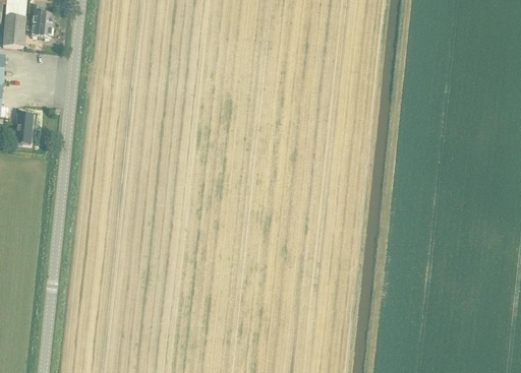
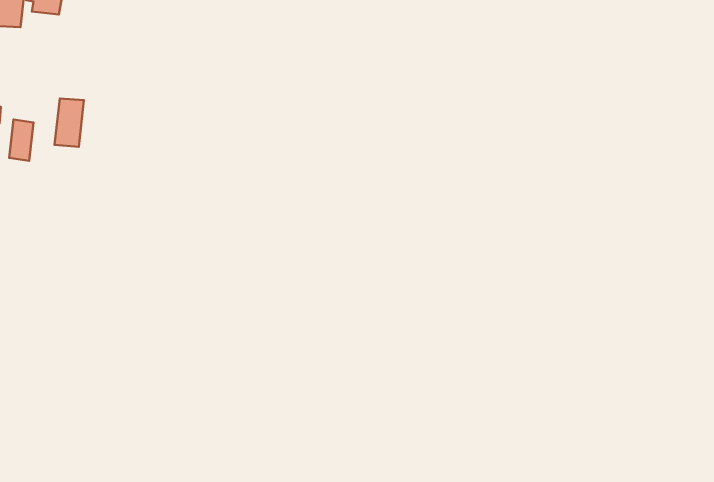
building: none -> [55,98,84,147]

